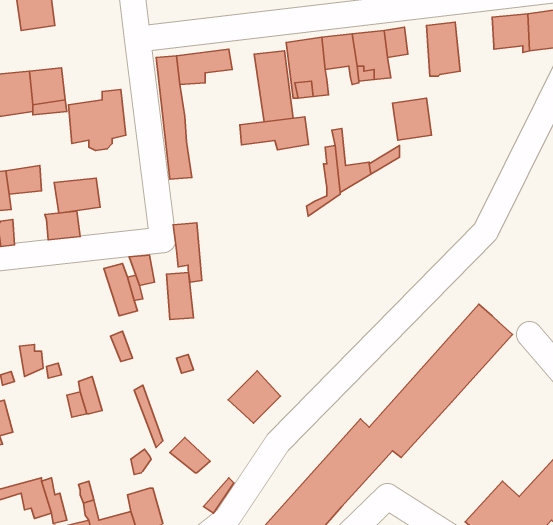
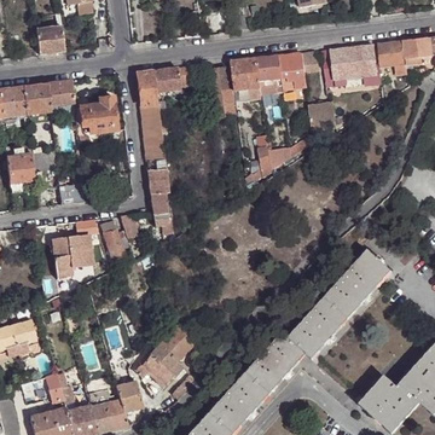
building: none -> [350,44,379,86]
building: [240,117,309,150] -> none
building: [54,178,100,213] -> none
building: [167,272,194,320] -> [146,157,166,191]
building: none -> [51,231,92,274]
building: [228,371,281,423] -> [157,323,195,360]
building: none -> [133,354,172,384]

